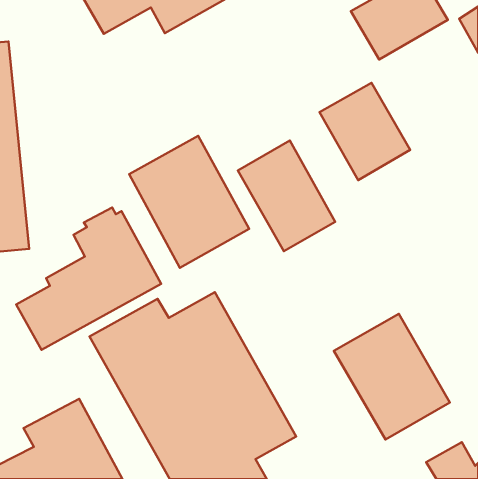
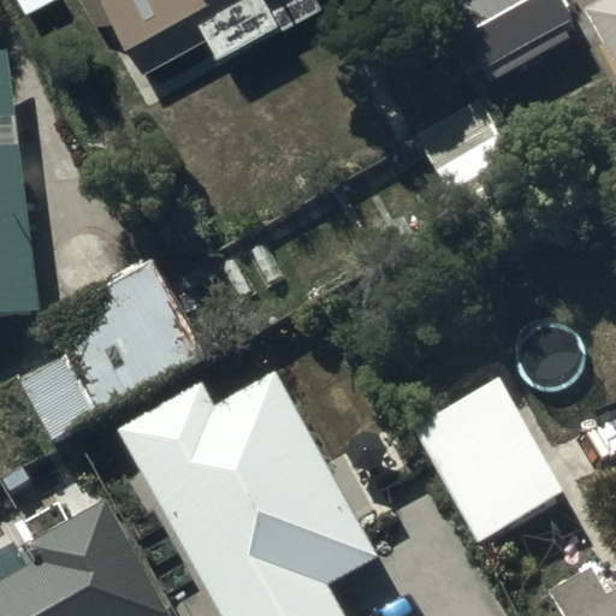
building: [129,136,249,268] -> none
building: [238,140,335,251] -> none

